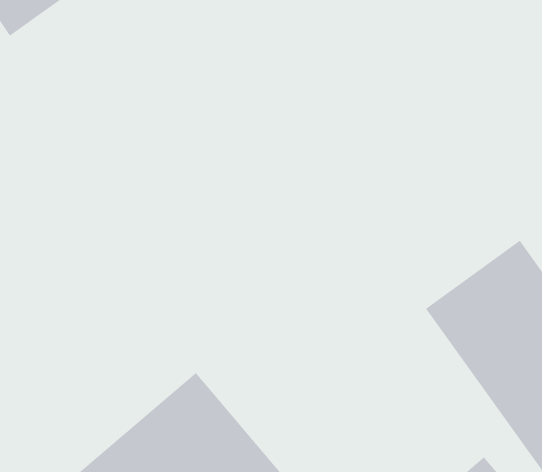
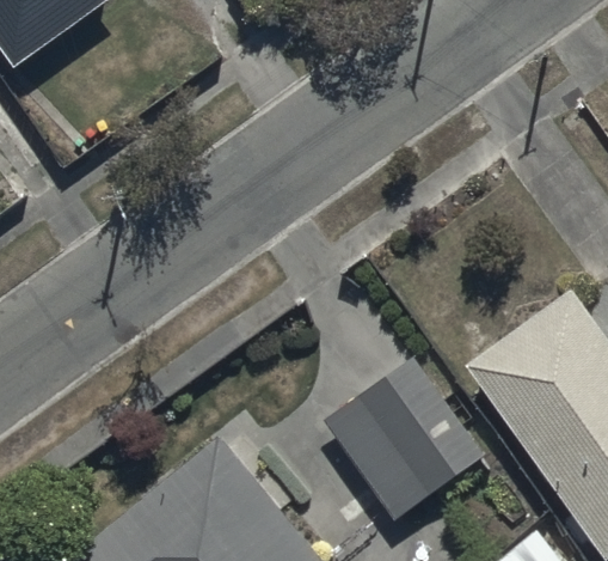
building: none -> [323,358,485,524]

